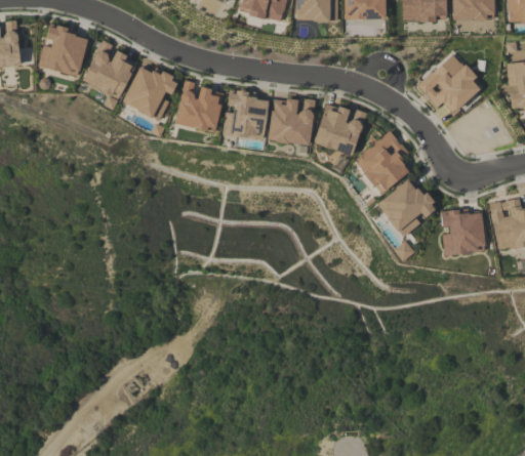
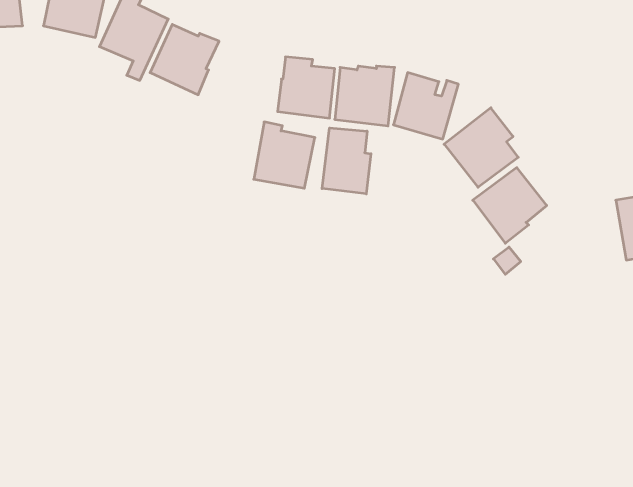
building: [417,53,480,114] -> none
building: [175,80,224,132] -> [254,122,315,188]
building: none -> [322,128,371,194]
building: [440,210,486,256] -> none

